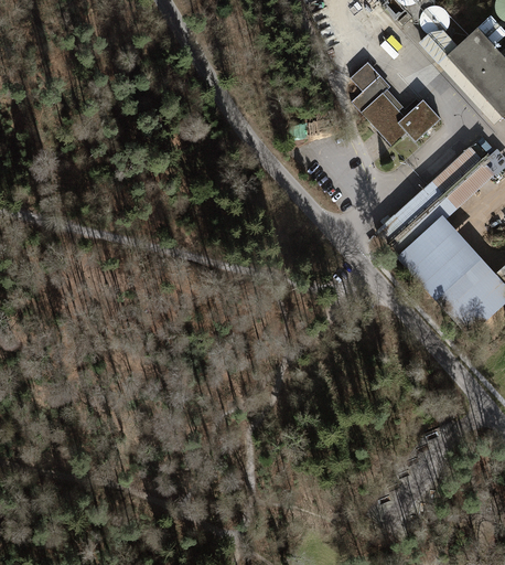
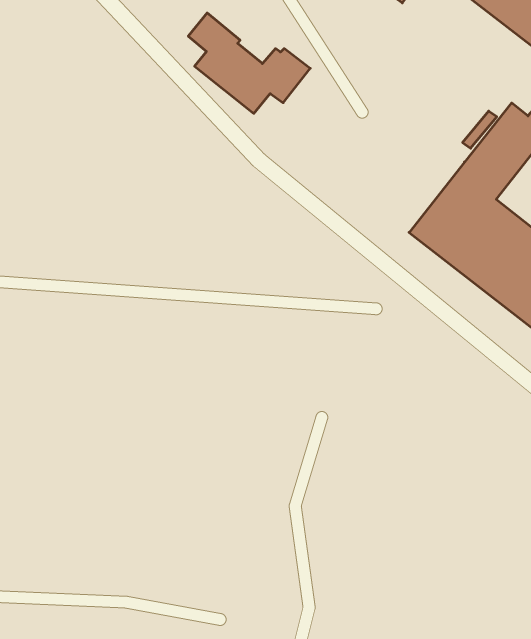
building: [351,62,441,146] -> [188,13,310,113]

